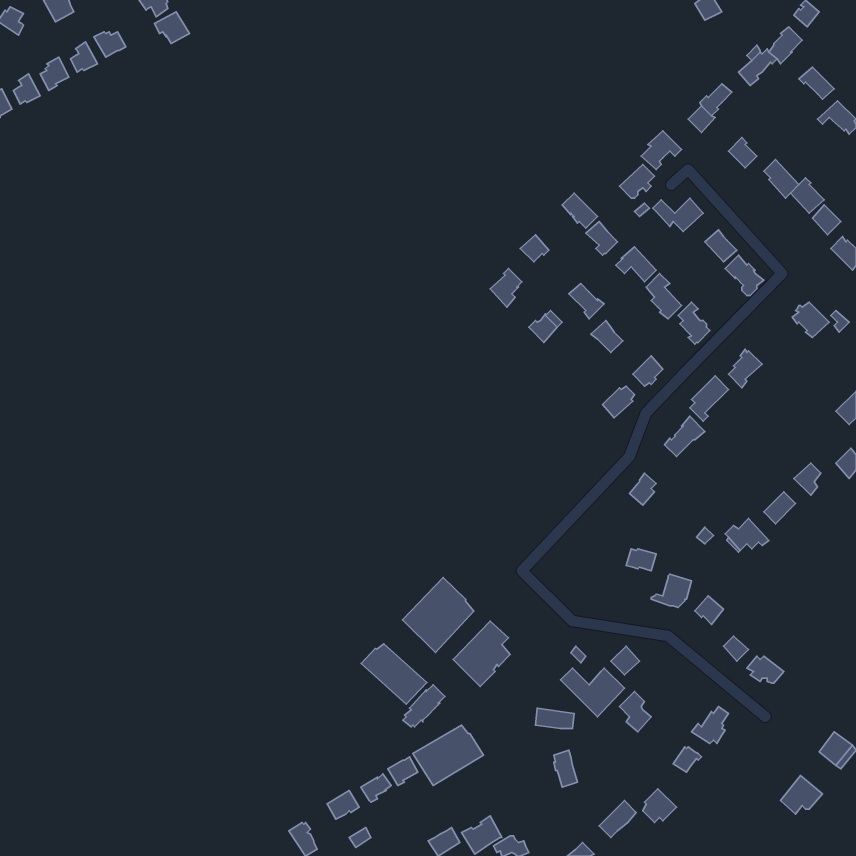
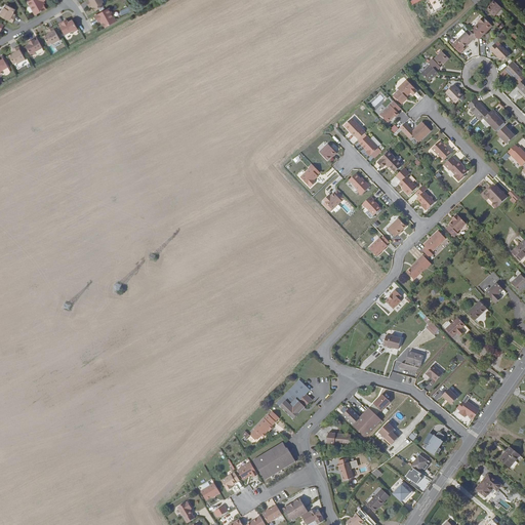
building: [403,577,474,653] -> none
building: [361,644,427,704] -> none

